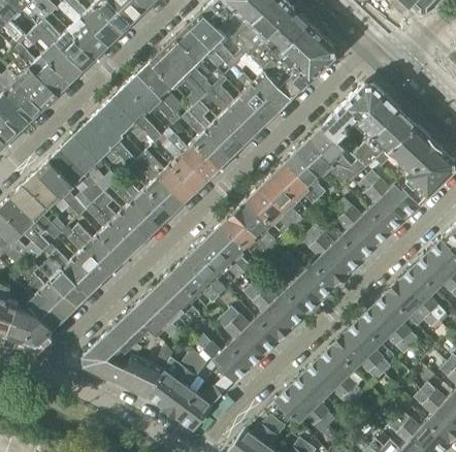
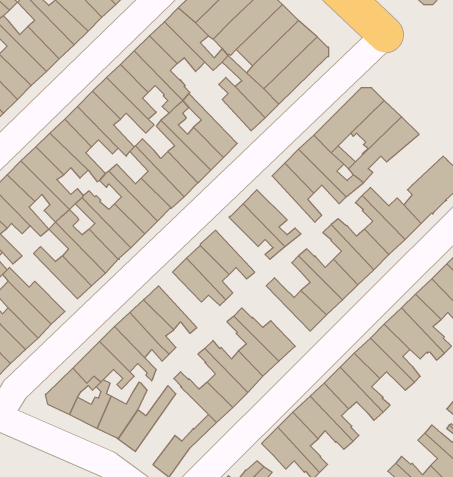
building: [210,77,266,133] -> none
building: [374,125,437,170] -> none
building: [271,162,323,208] -> none
building: [234,199,275,248] -> none
building: [62,227,111,283] -> none
building: [184,248,225,297] -> none
building: [273,260,319,314] -> none
building: [163,356,206,419] -> none

